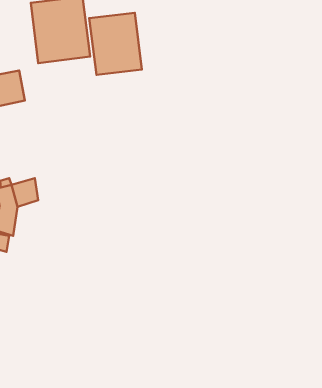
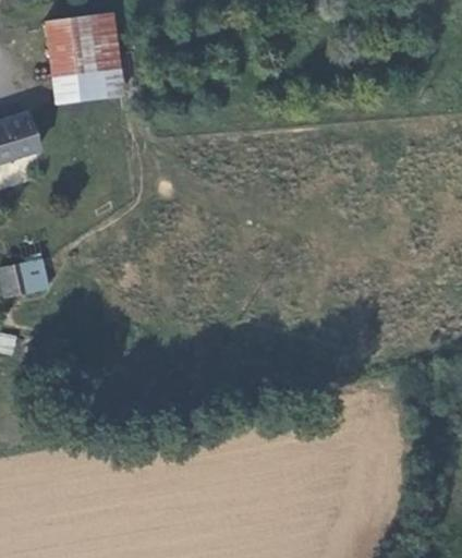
building: [89,13,142,75] -> none

